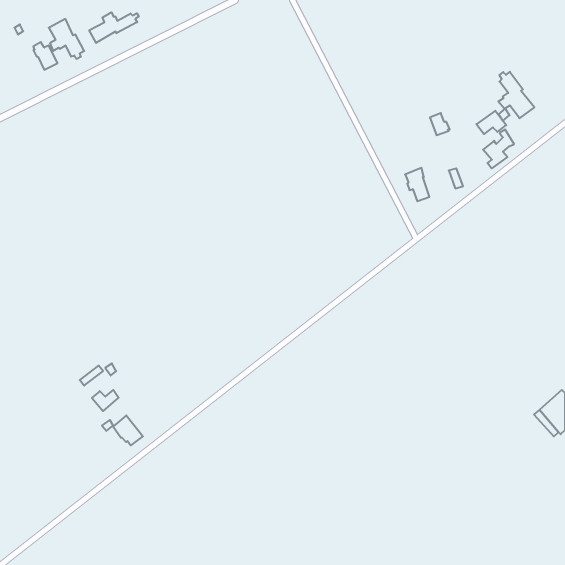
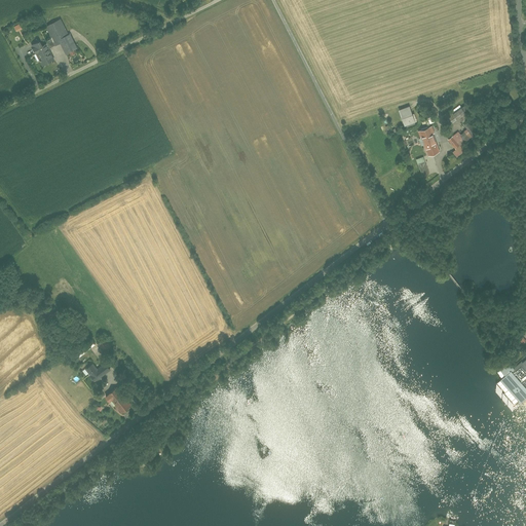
building: [89,12,139,43] -> none
building: [498,72,534,118] -> none
building: [405,168,429,201] -> [417,125,440,156]

